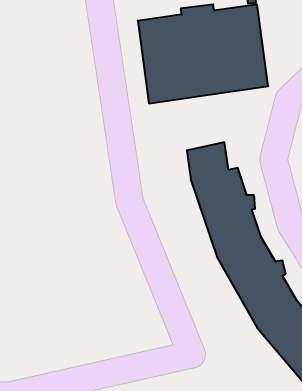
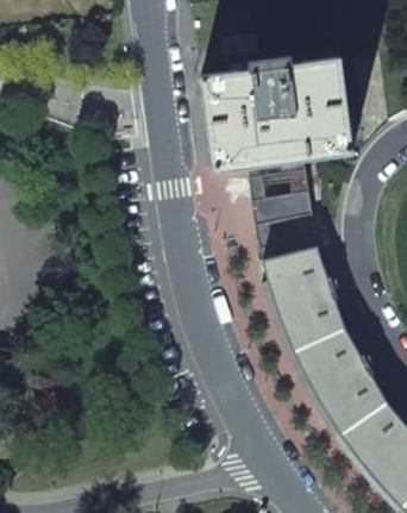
building: none -> [248,157,317,248]

